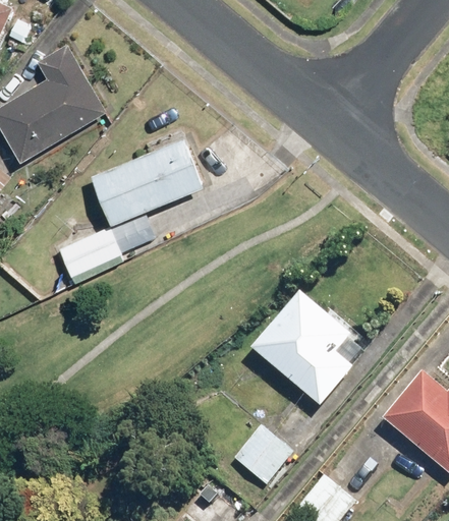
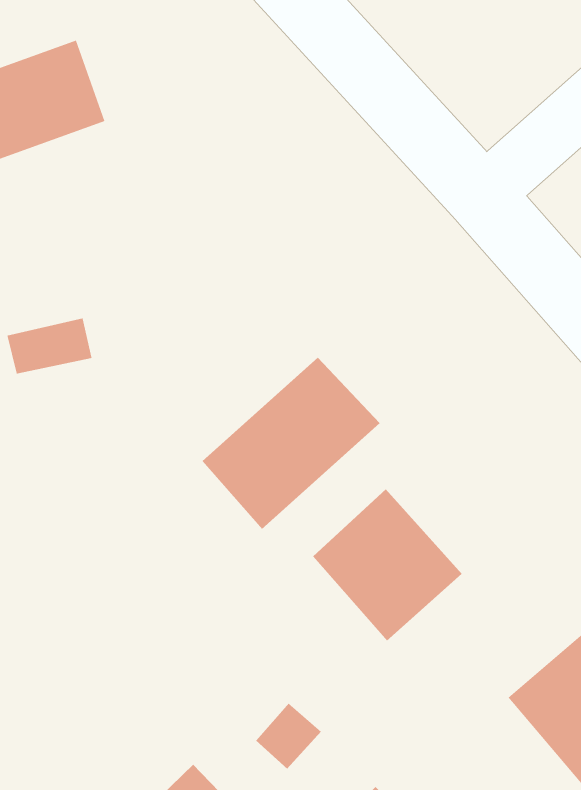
building: [102,155,195,221] -> none
building: none -> [201,357,381,530]

